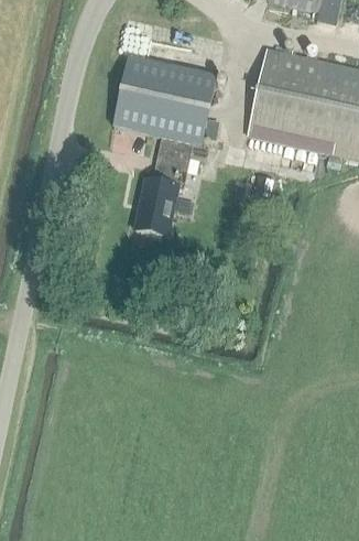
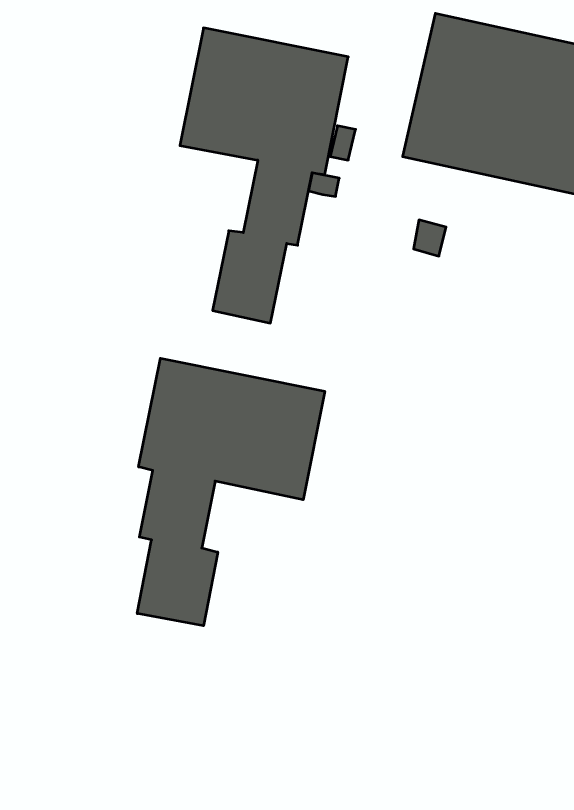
building: none -> [137,358,325,626]

